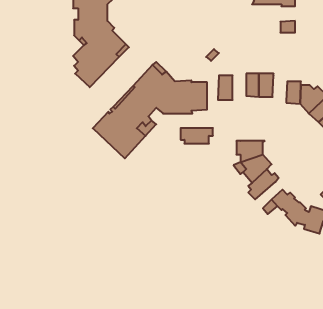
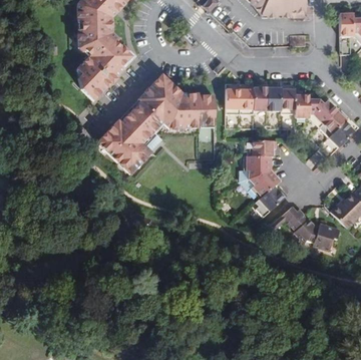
building: none -> [241,88,255,113]
building: none -> [282,88,297,114]
building: [181,128,213,144] -> [245,139,278,155]

